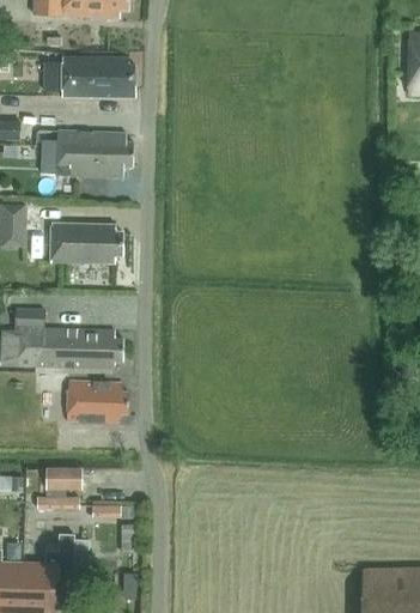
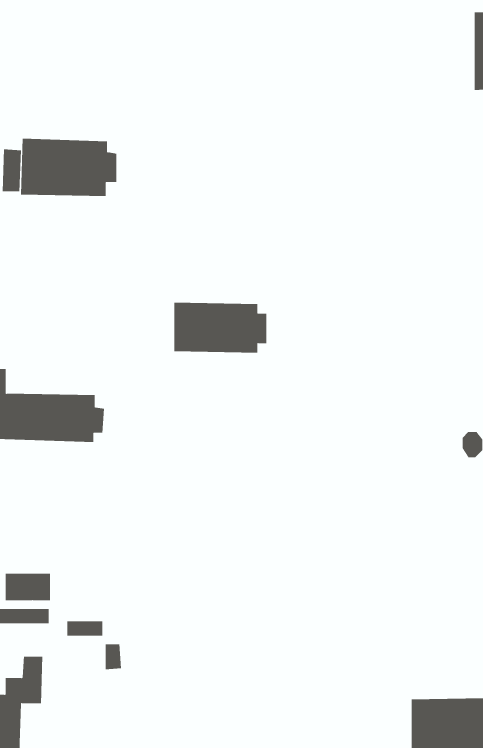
building: [62,56,135,97] -> none
building: [50,224,123,263] -> [173,302,267,353]
building: [68,382,127,423] -> none

